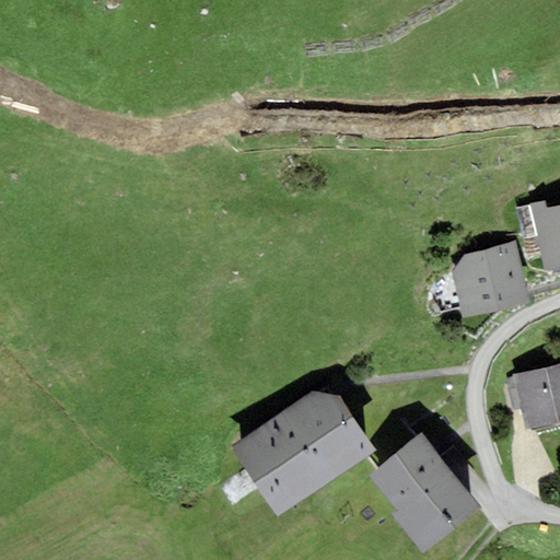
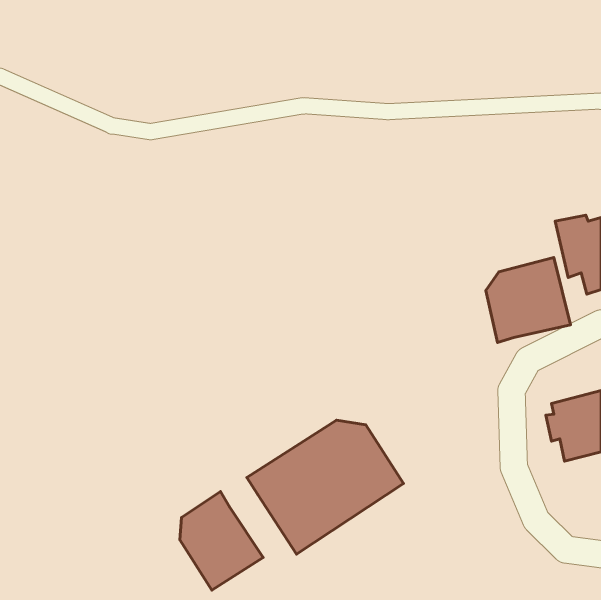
building: [370,432,480,552] -> none
building: none -> [180,491,263,590]

